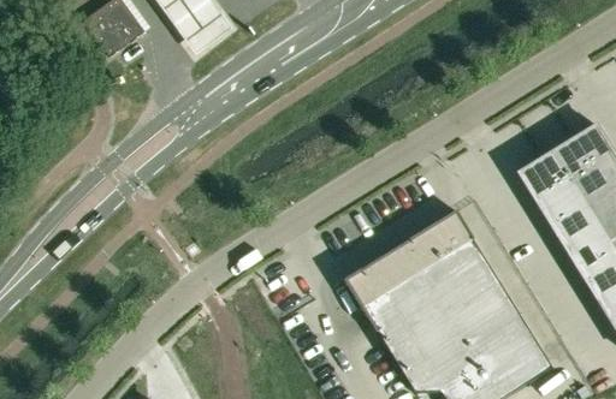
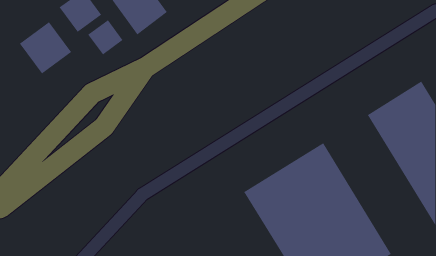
building: none -> [87,19,124,55]
building: none -> [19,21,72,74]

